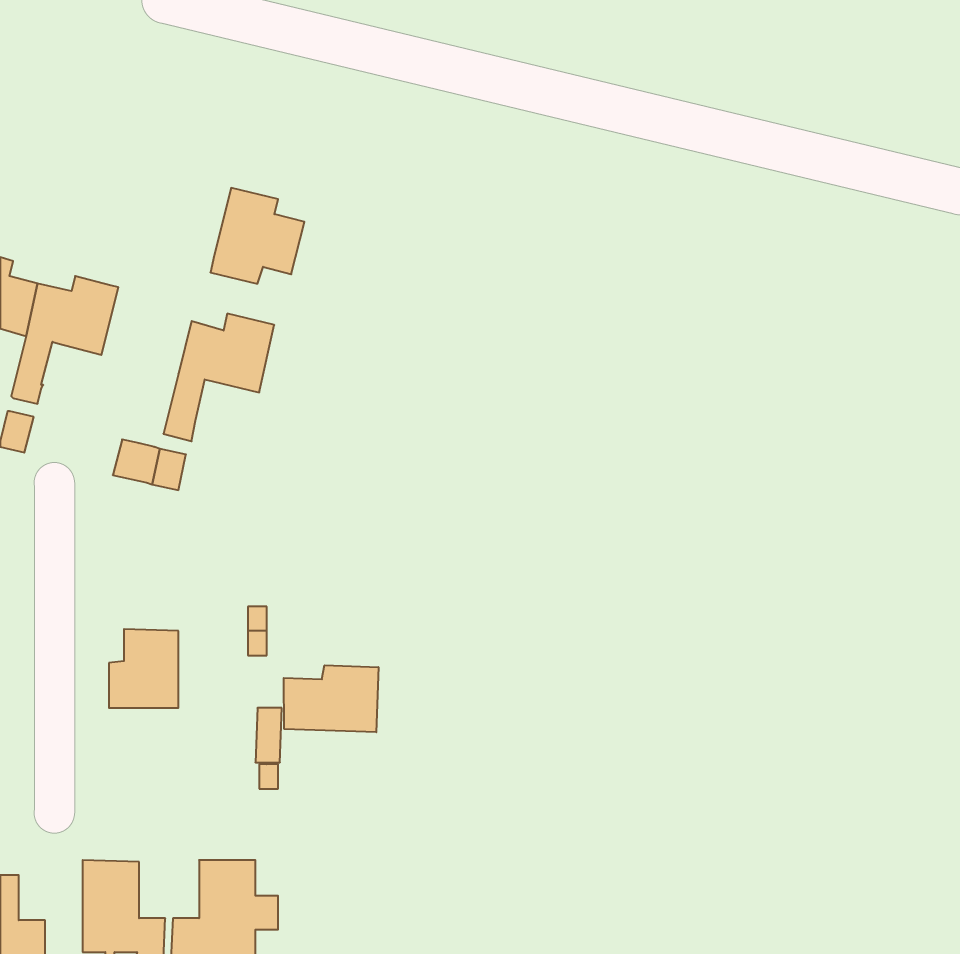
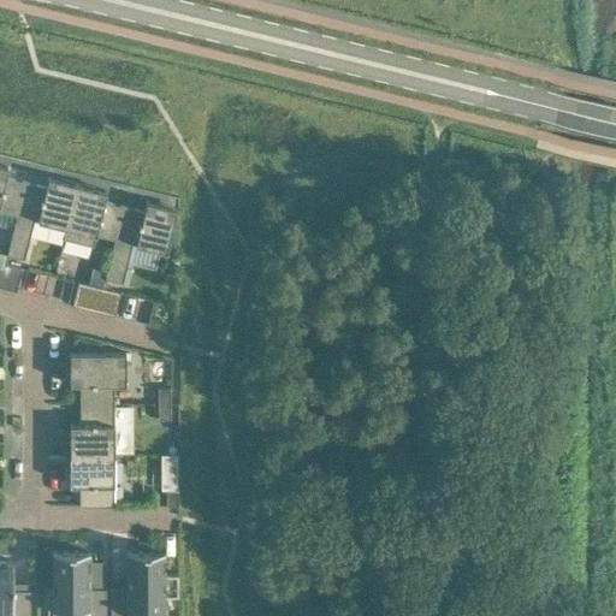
building: [210,188,304,284] -> [63,188,123,249]
building: none -> [70,356,125,408]
building: [284,665,378,732] -> none
building: none -> [70,457,114,509]

